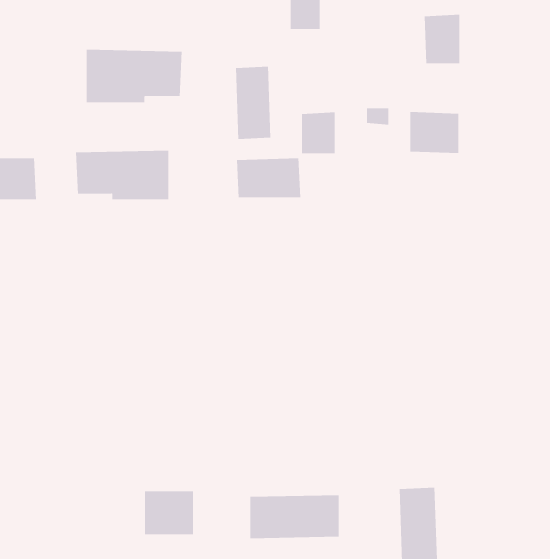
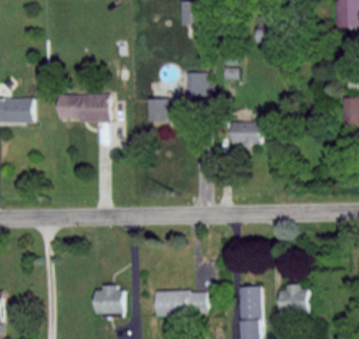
building: [86,49,182,103] -> none
building: [236,66,271,140] -> none
building: [409,111,459,154] -> [230,120,258,144]
building: none -> [279,287,309,313]

